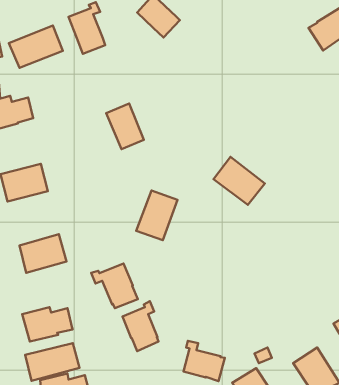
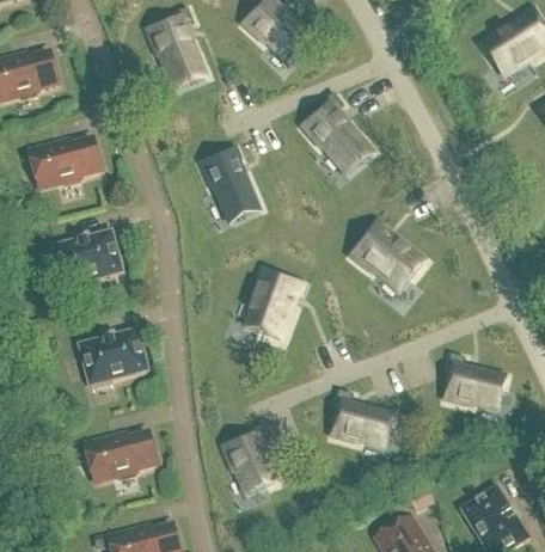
building: [9,26,63,68] -> none
building: none -> [304,93,365,166]
building: none -> [445,354,503,409]
building: [91,263,138,308] -> none
building: [183,341,225,381] -> [332,391,390,447]
building: [25,343,79,381] -> none

